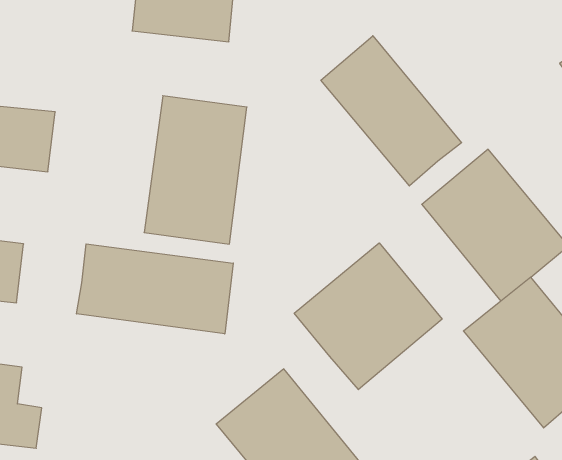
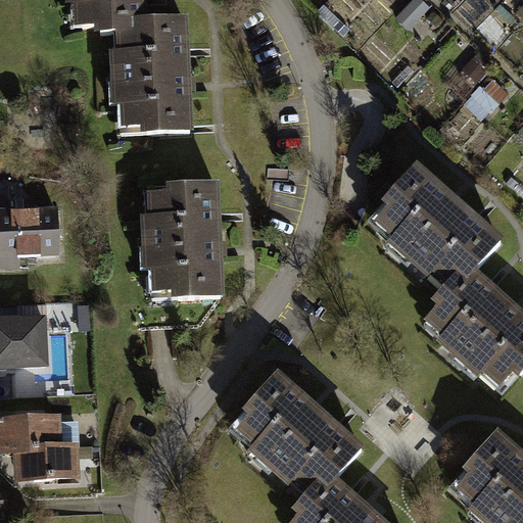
building: [321,36,462,186] -> none
building: [294,243,442,390] -> none
building: [77,244,233,334] -> none

